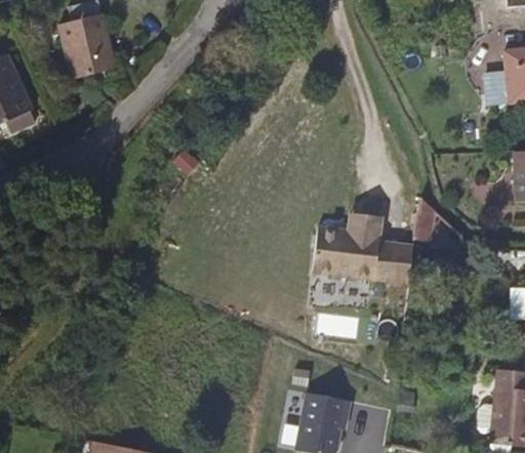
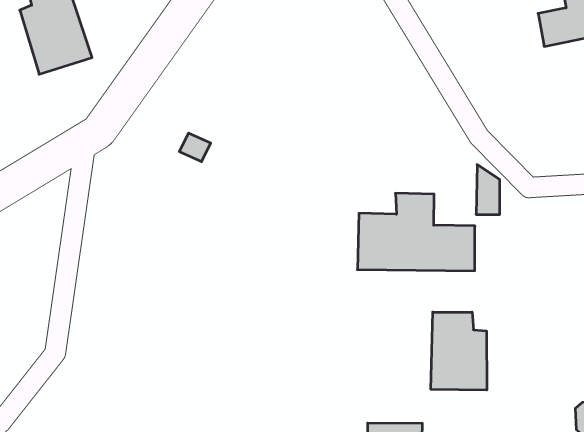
building: none -> [431,312,487,390]

